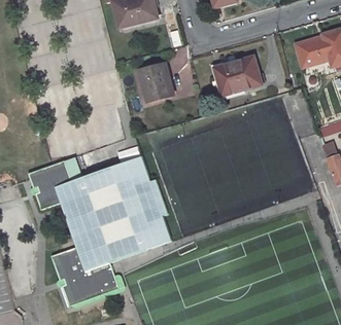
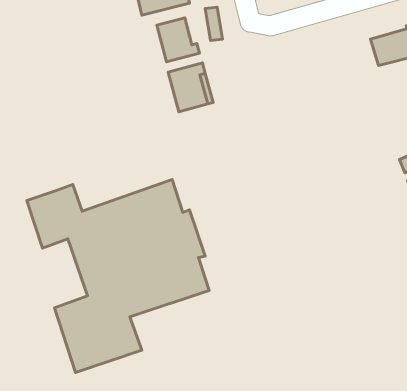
building: none -> [157,18,200,62]
building: [212,57,260,97] -> none

